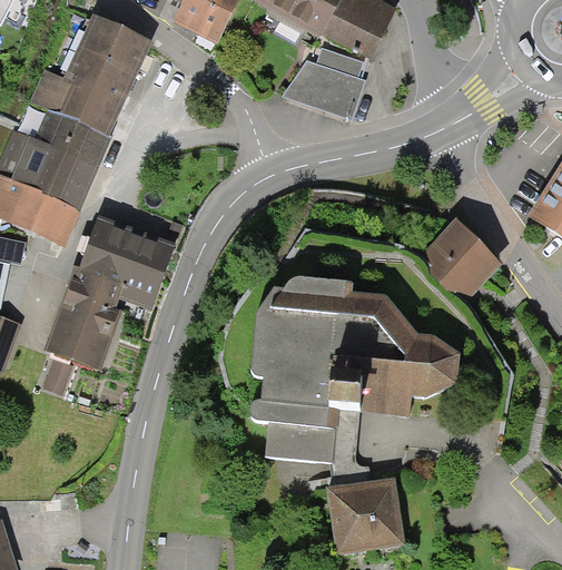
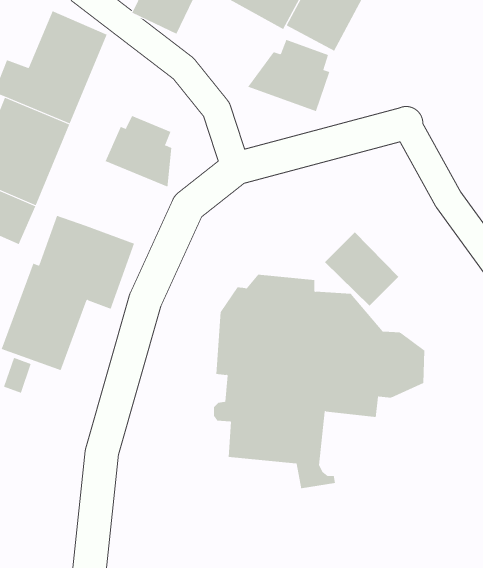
building: none -> [105,115,172,188]
building: [424,222,497,295] -> [324,231,399,306]
building: [325,479,404,554] -> none

